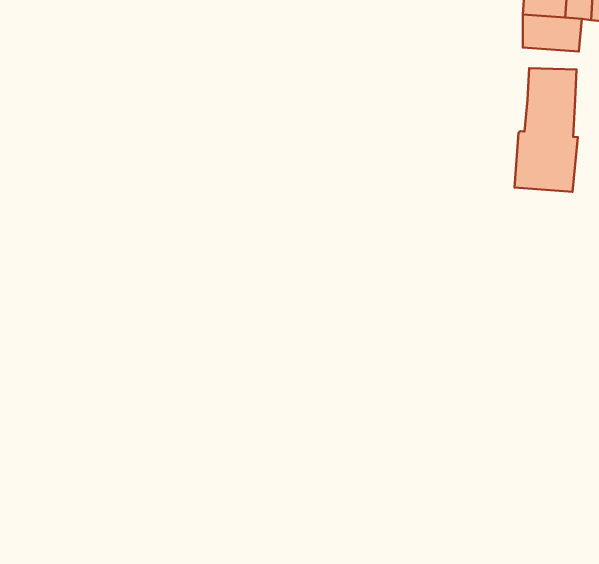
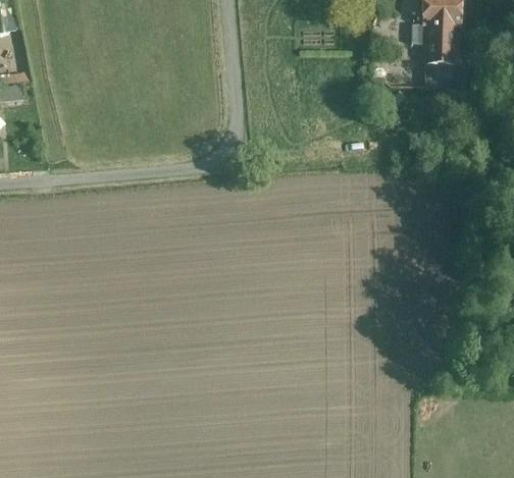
building: [515,68,578,192] -> none

